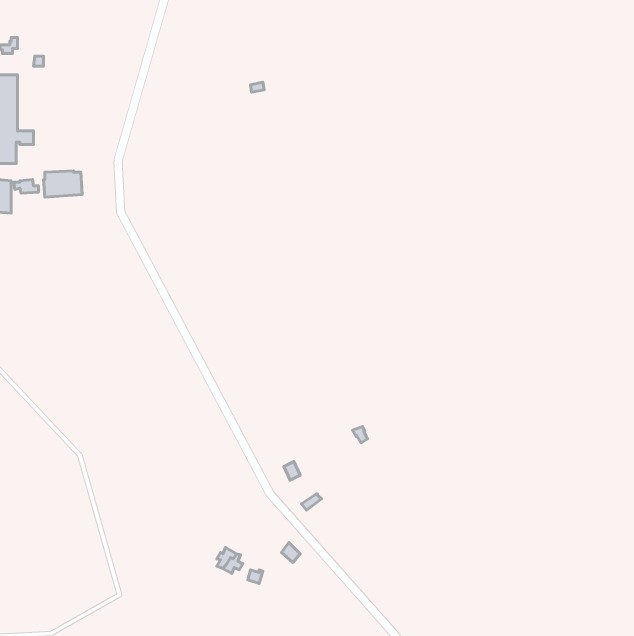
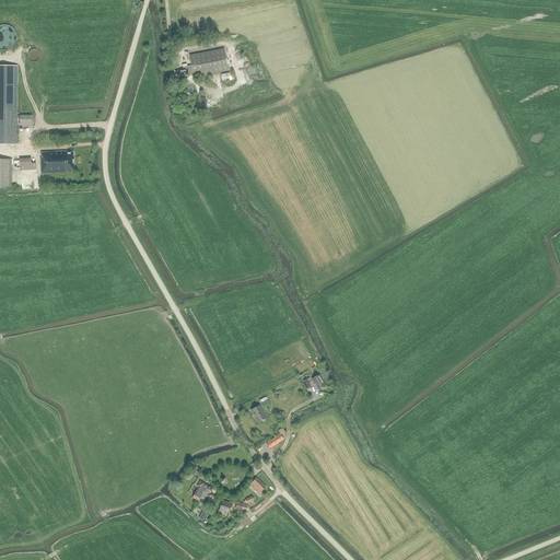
building: none -> [174,47,226,79]

